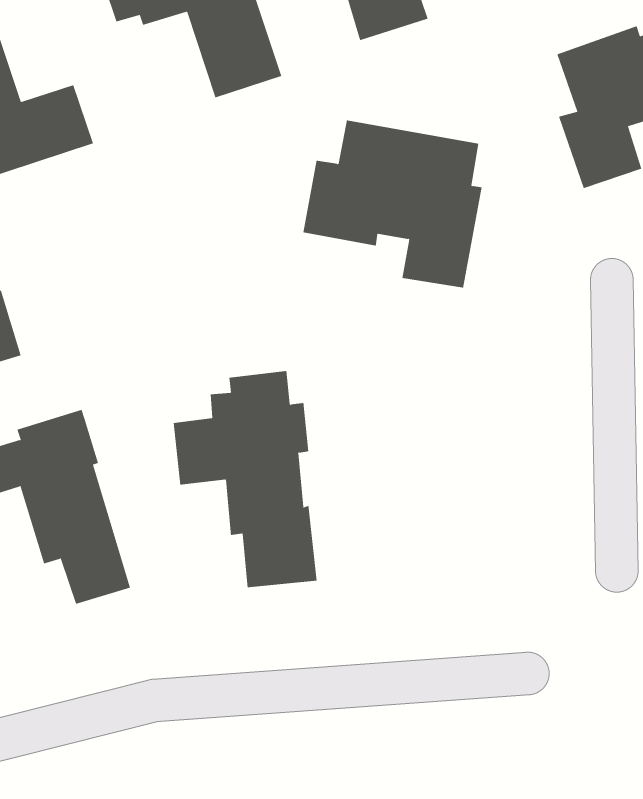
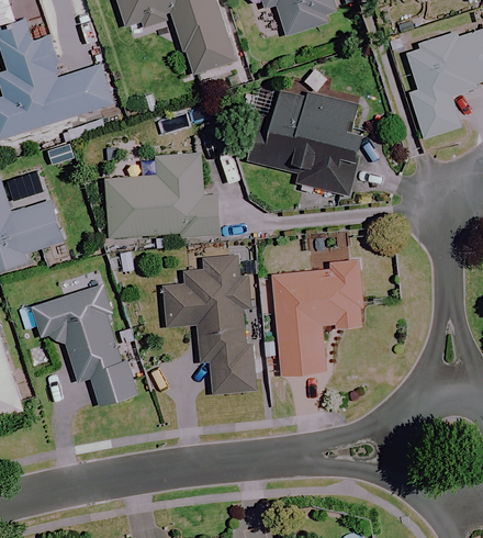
building: none -> [105,155,218,237]
building: none -> [271,258,362,374]

